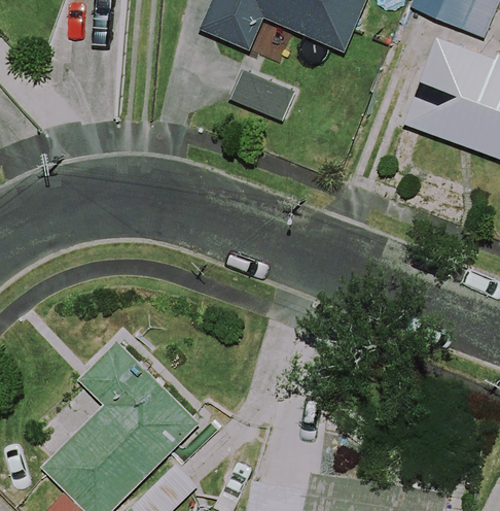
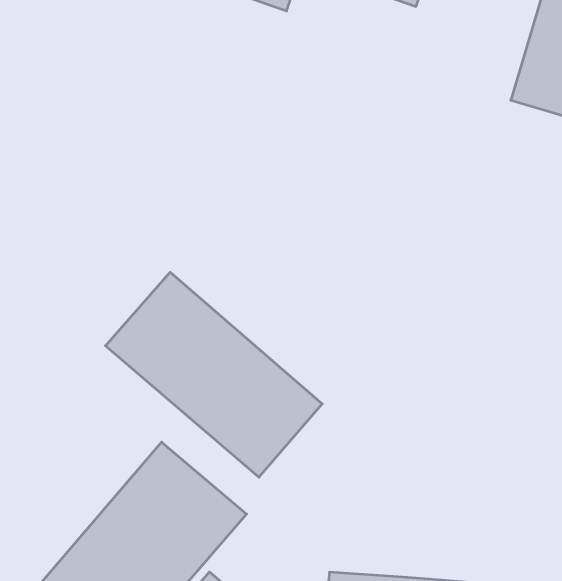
building: none -> [105,272,322,477]

